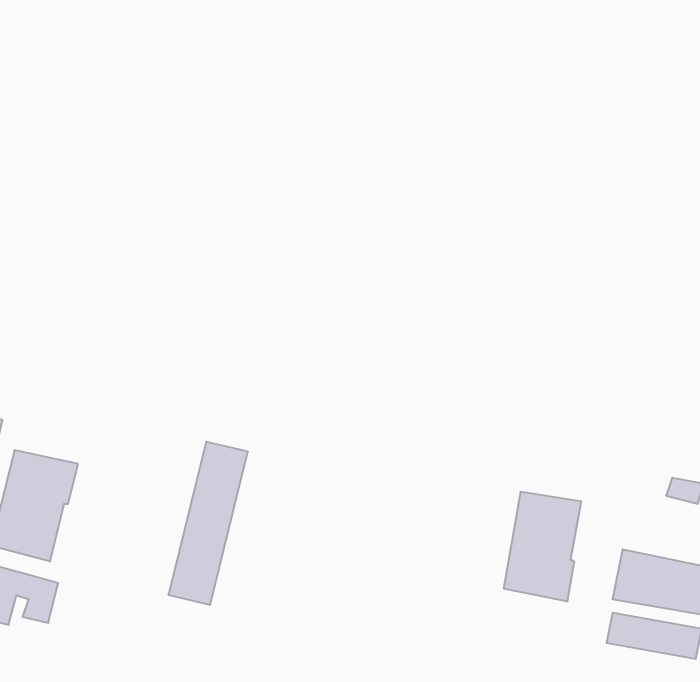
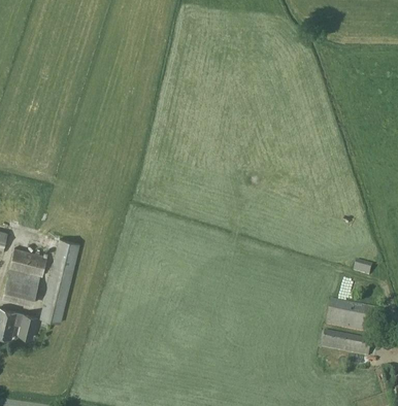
building: [168,442,248,605] -> [39,237,80,322]
building: [504,492,581,602] -> none

